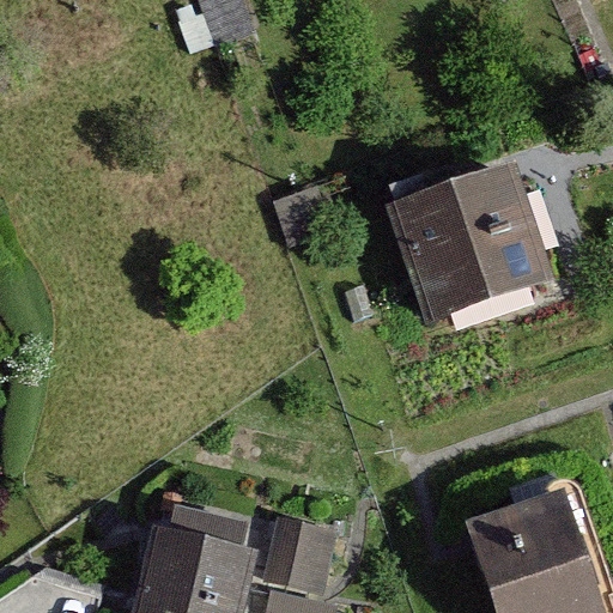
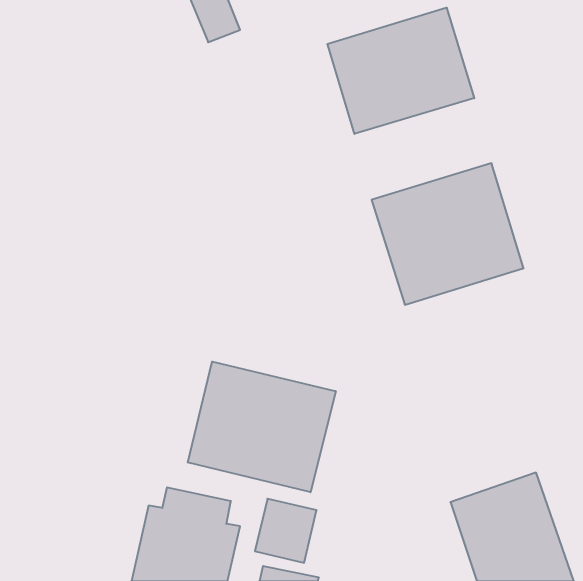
building: none -> [327,8,474,134]
building: none -> [188,362,336,492]

